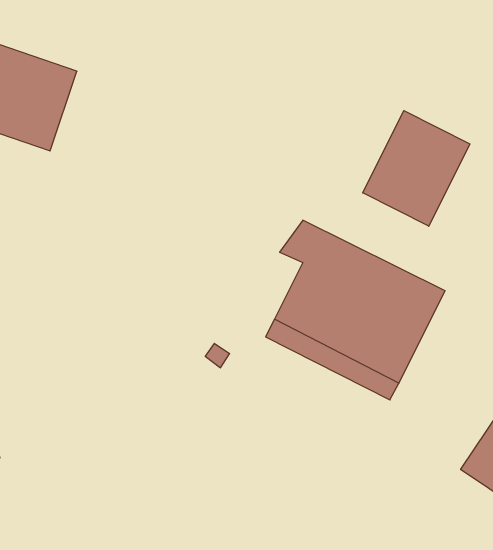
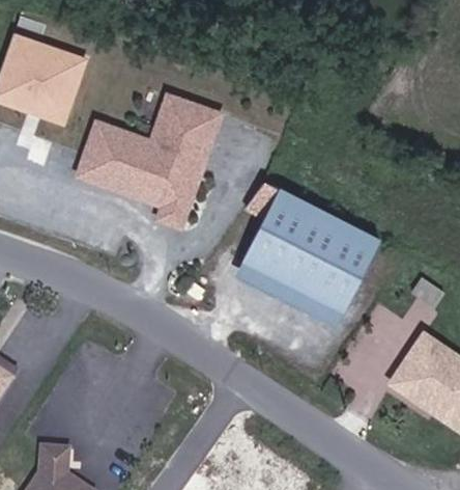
building: [363,111,470,226] -> none
building: none -> [78,91,217,222]

